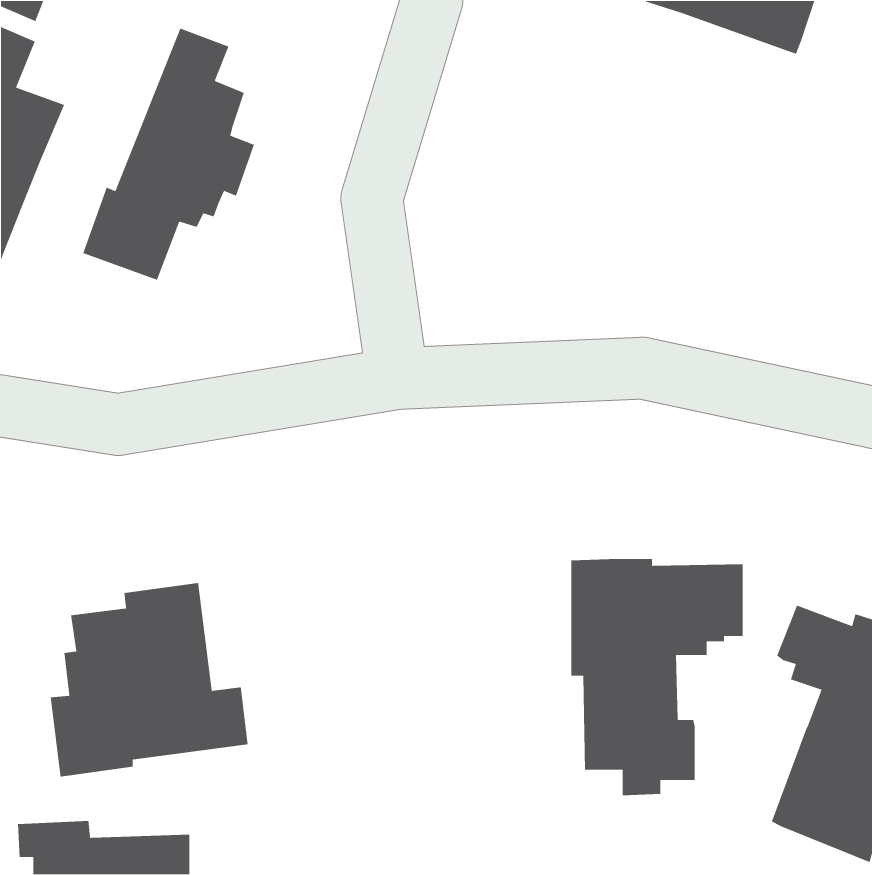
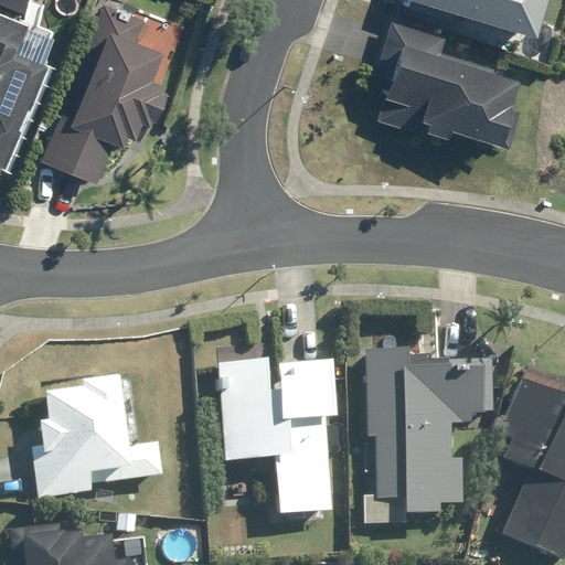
building: none -> [367,22,519,142]
building: none -> [222,366,335,509]

